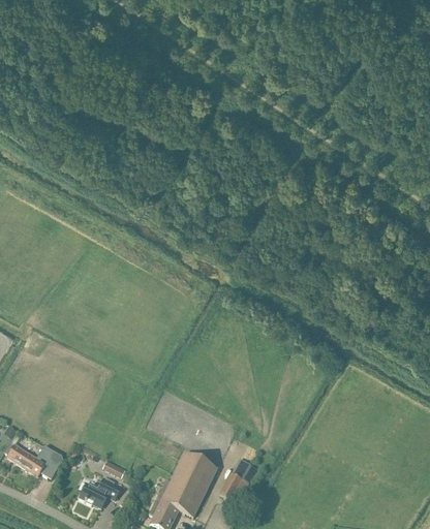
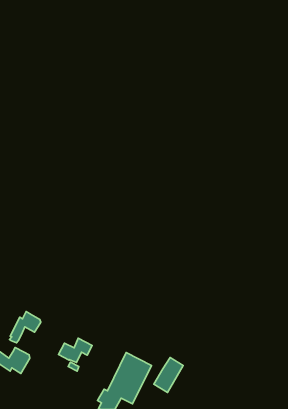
building: none -> [10,312,41,343]
building: [79,475,121,506] -> [59,338,92,363]

